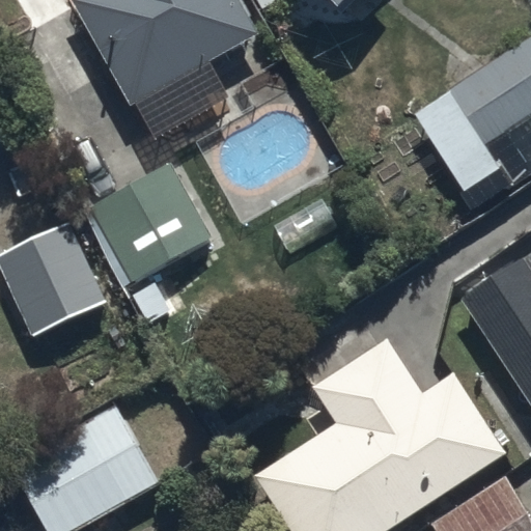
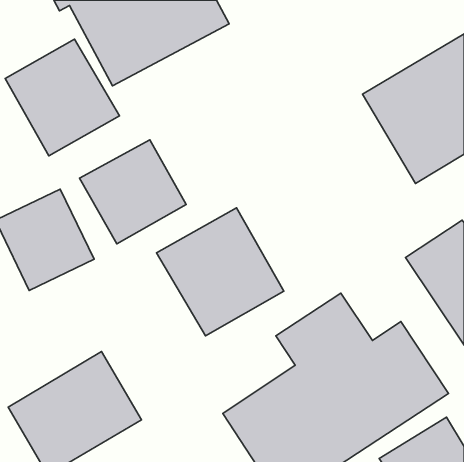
building: none -> [5,39,120,156]
building: none -> [157,208,284,336]

